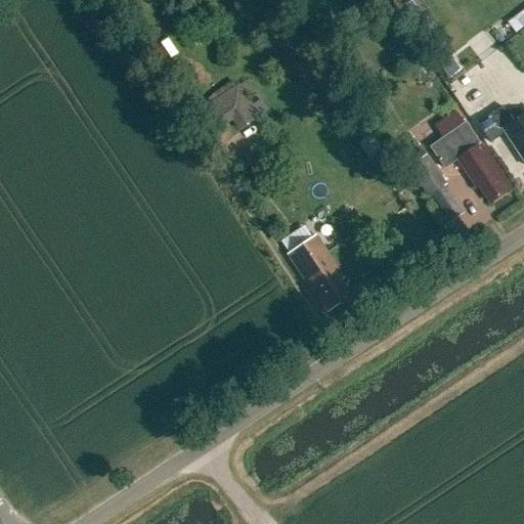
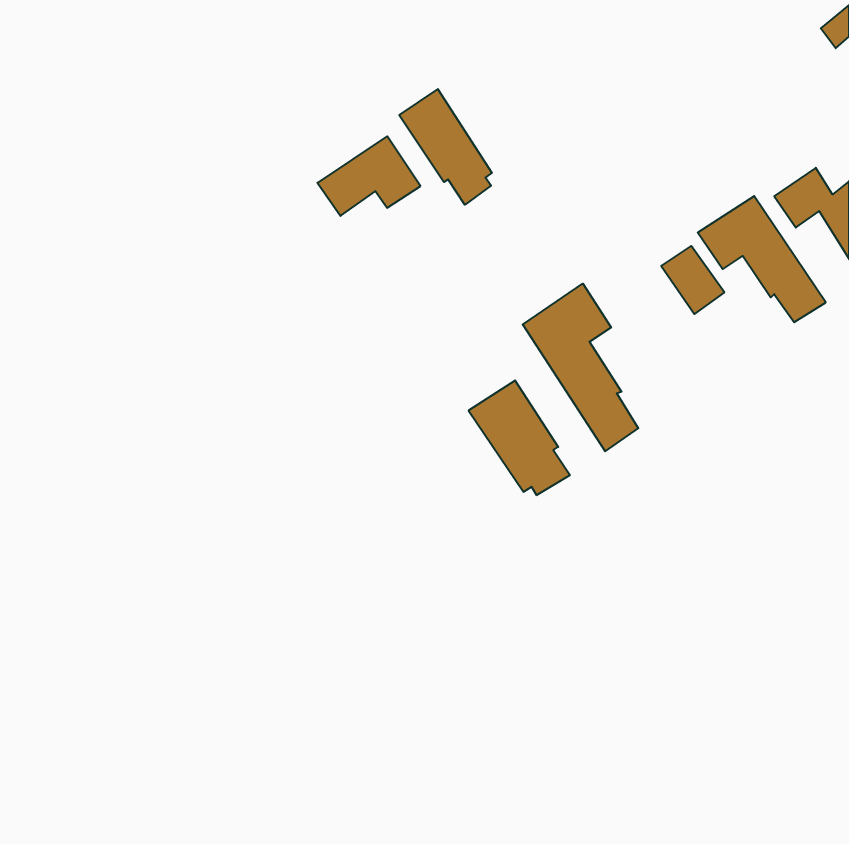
building: none -> [399,89,492,205]
building: none -> [523,284,638,451]

